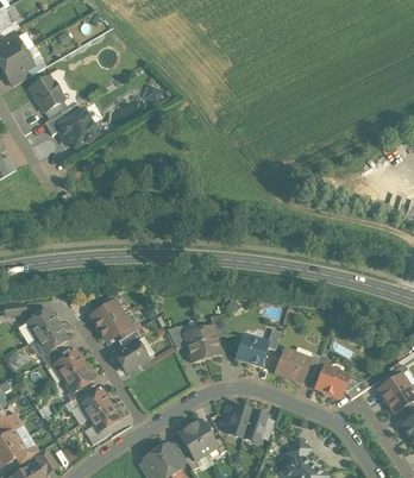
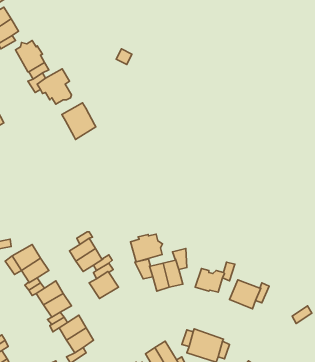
building: none -> [62,103,96,140]
building: none -> [131,234,163,262]
building: [315,365,349,396] -> none

